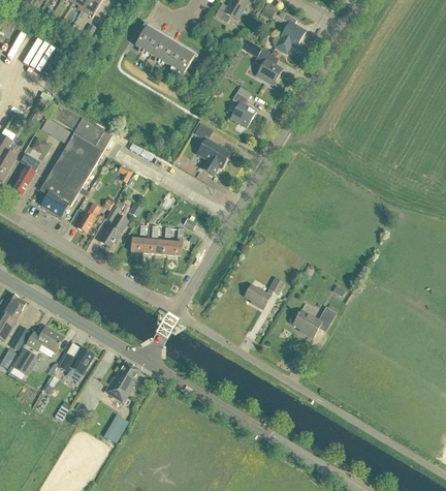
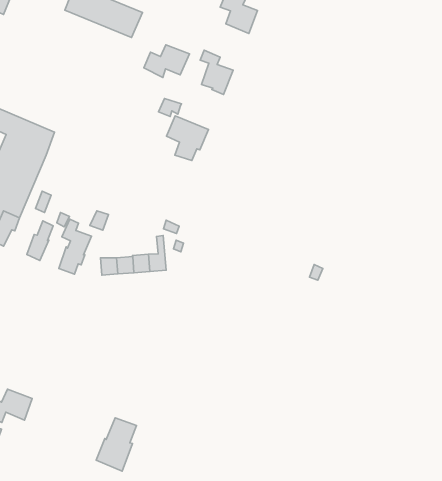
building: none -> [144,45,189,77]
building: [244,277,284,309] -> none
building: [289,306,337,337] -> none
building: [58,347,93,375] -> none

